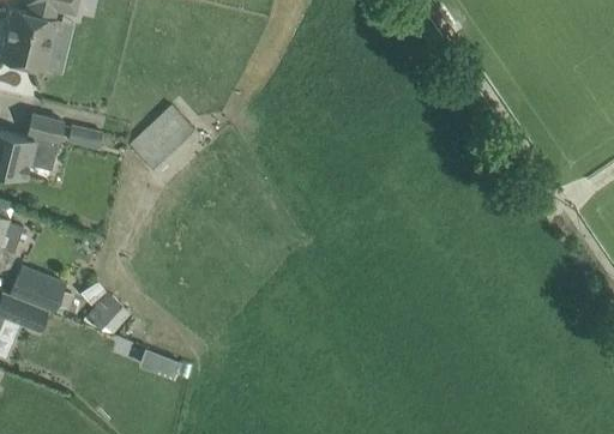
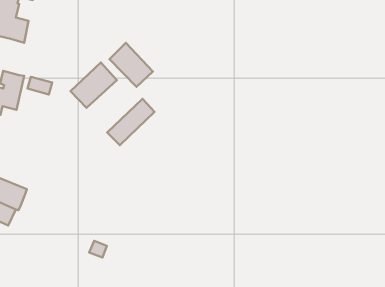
building: none -> [109,43,153,87]
building: none -> [107,99,155,145]
building: [85,296,130,334] -> none

